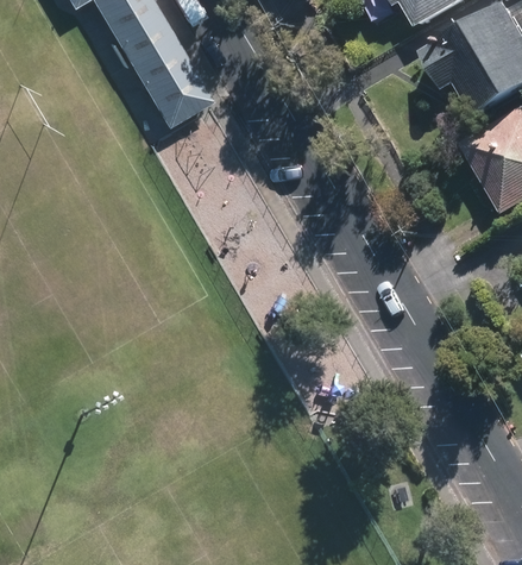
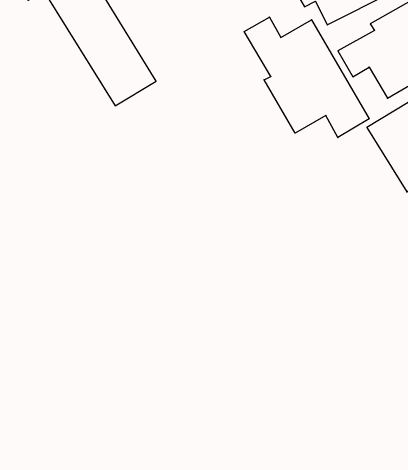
building: none -> [244,17,369,138]

